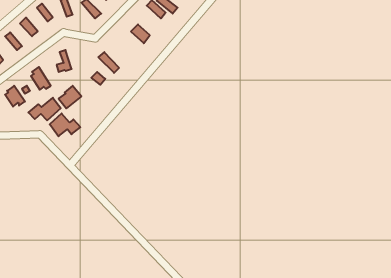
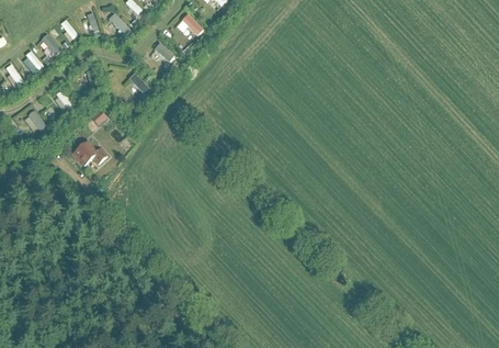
building: [28,98,61,120] -> none

